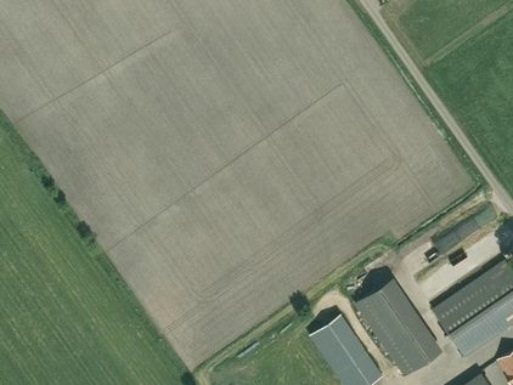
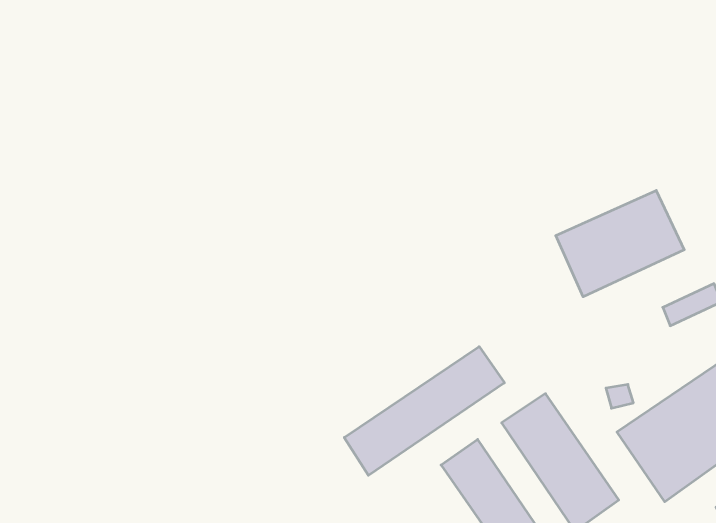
building: none -> [556,190,684,297]
building: none -> [344,347,504,475]

